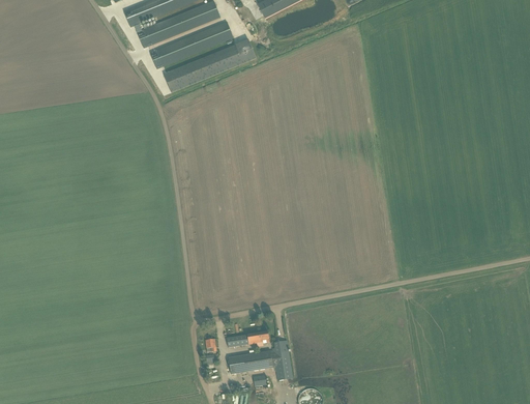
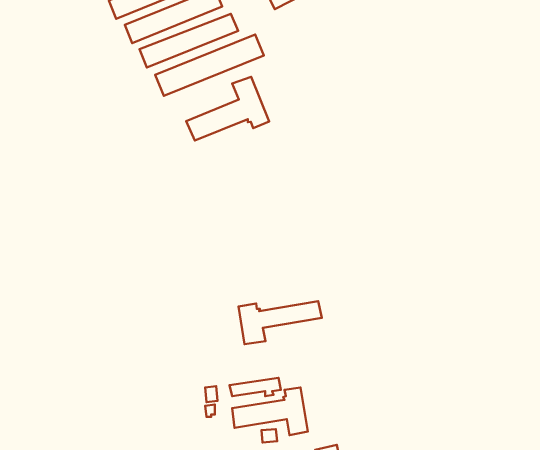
building: none -> [186,77,269,141]
building: none -> [238,301,322,344]

